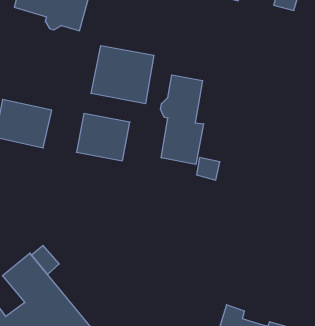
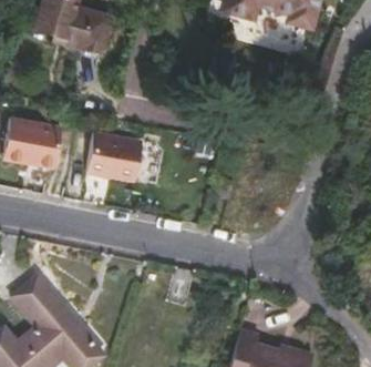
building: [91,46,154,104] -> none
building: [160,75,204,164] -> none

